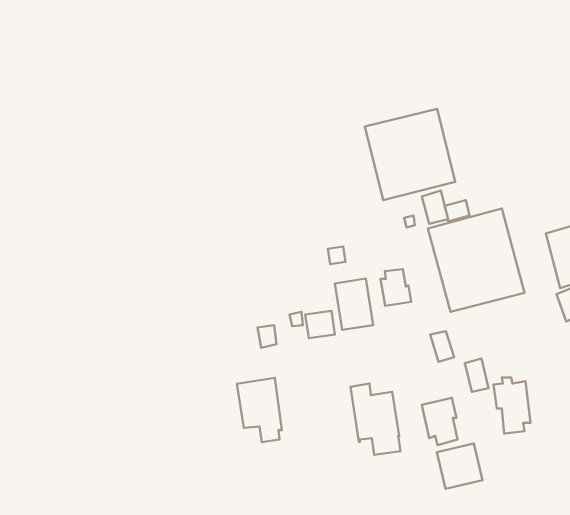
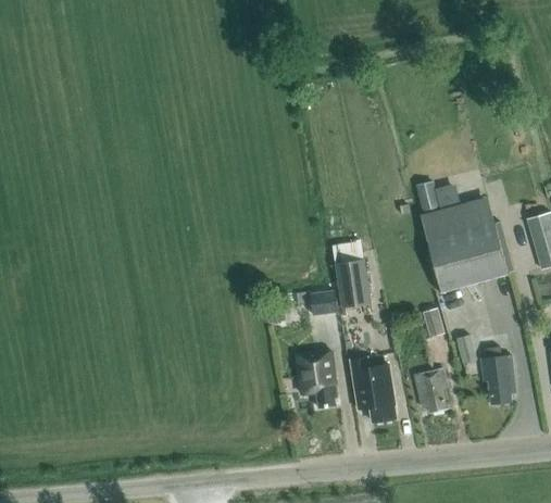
building: [365,109,455,200] -> none
building: [380,269,411,306] -> none
building: [237,378,282,442] -> [295,349,336,407]
building: [437,443,482,489] -> none

